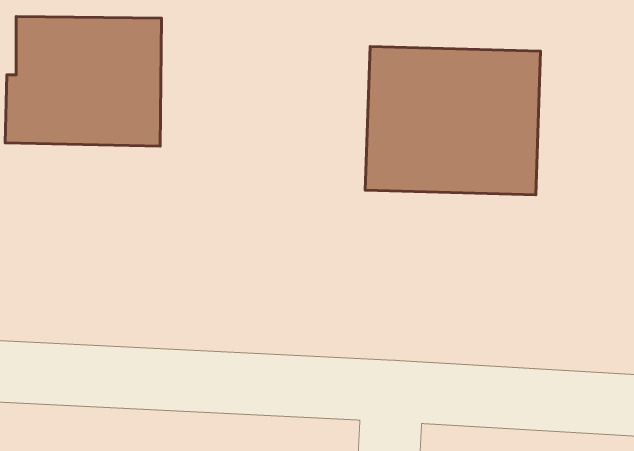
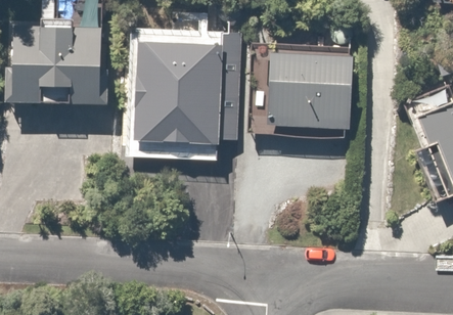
building: none -> [134,44,228,146]

